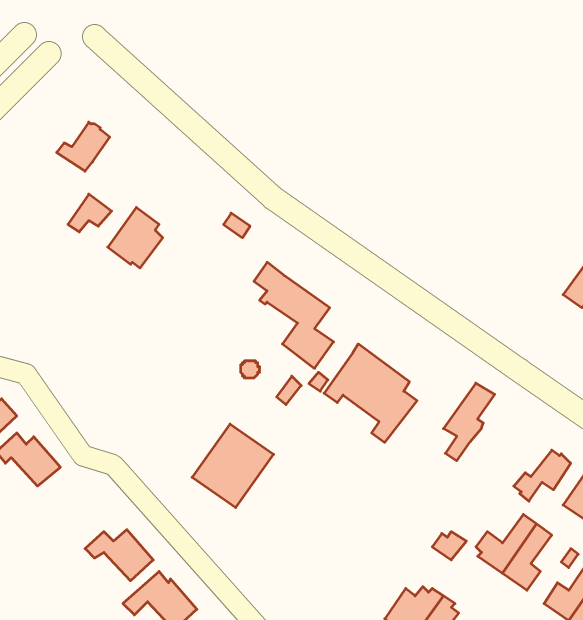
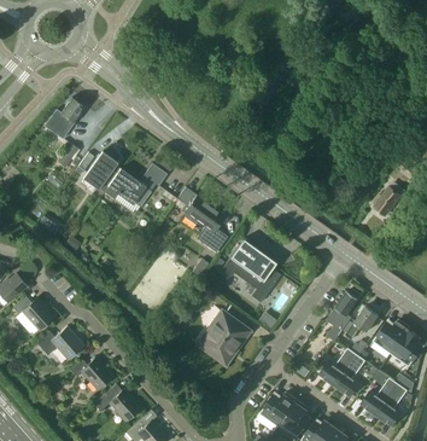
building: none -> [104,163,166,207]
building: [443,383,495,461] -> [324,292,357,342]
building: [192,424,274,508] -> [197,312,248,365]
building: none -> [36,327,83,360]

